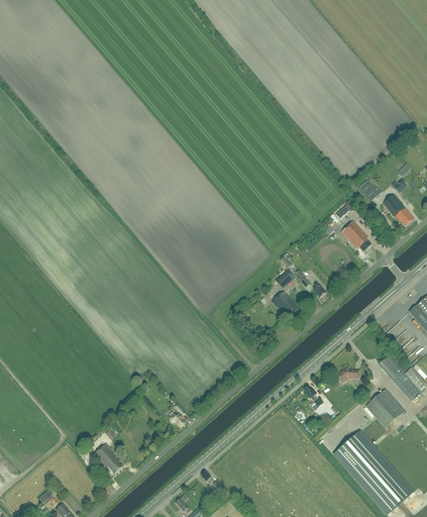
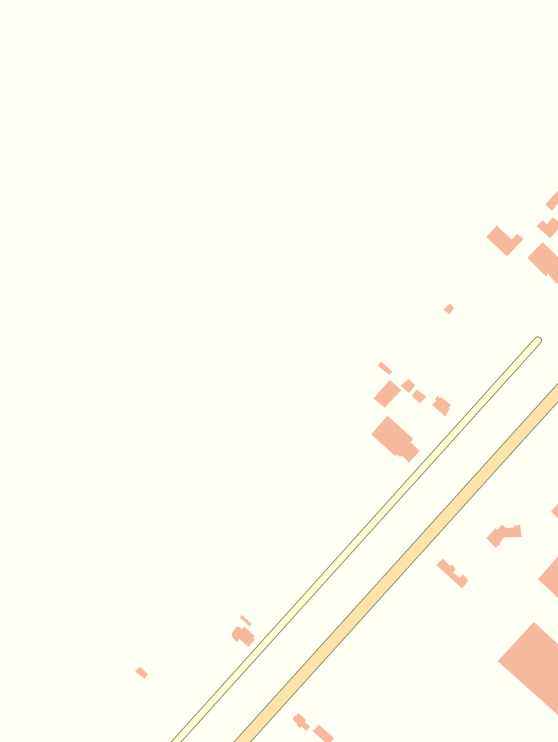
building: [341,220,371,251] -> none
building: [94,443,123,474] -> none

